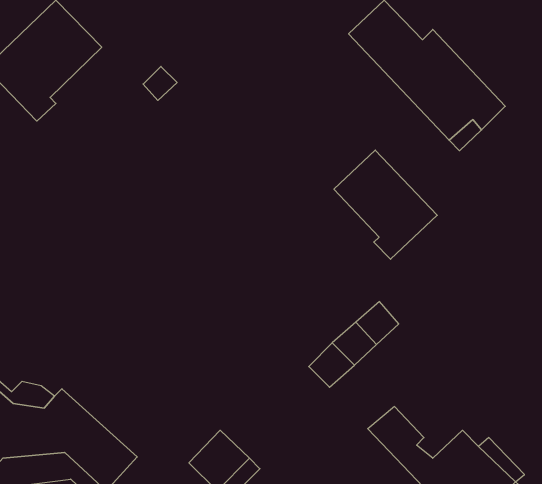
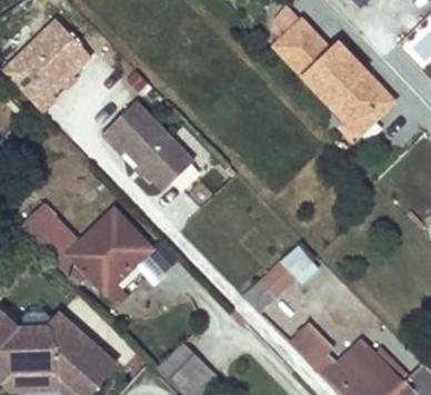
building: none -> [101,100,193,188]
building: [334,150,437,259] -> none
building: none -> [21,206,148,293]

